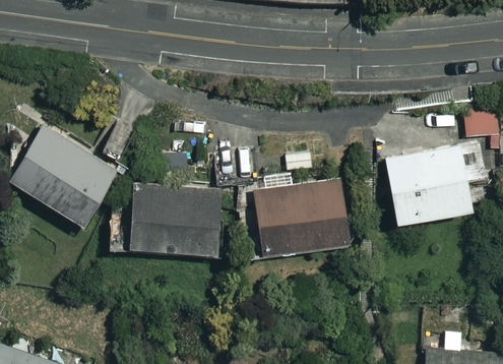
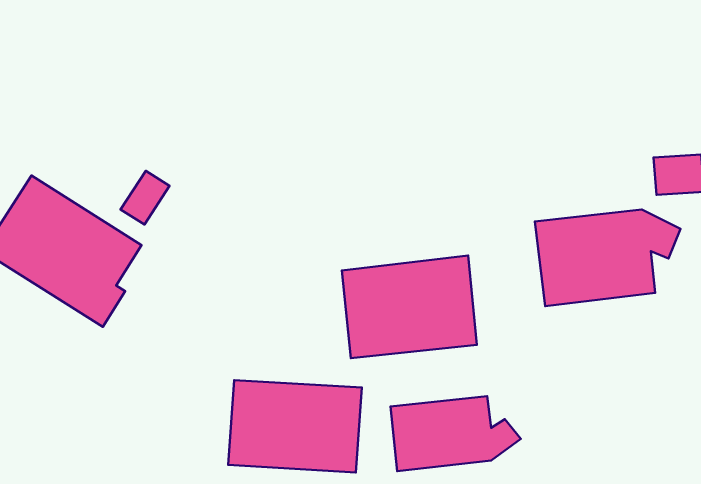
building: [126,189,217,252] -> [228,380,362,472]
building: none -> [390,396,521,471]

